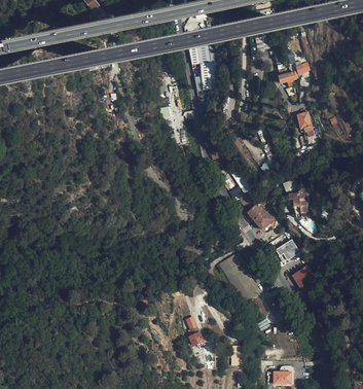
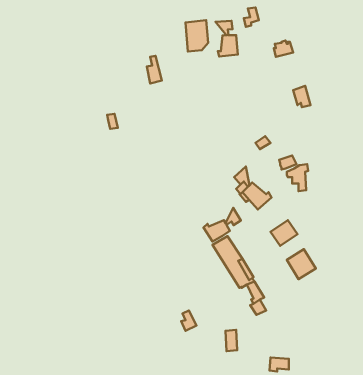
building: none -> [216,21,238,56]
building: none -> [204,208,241,242]

